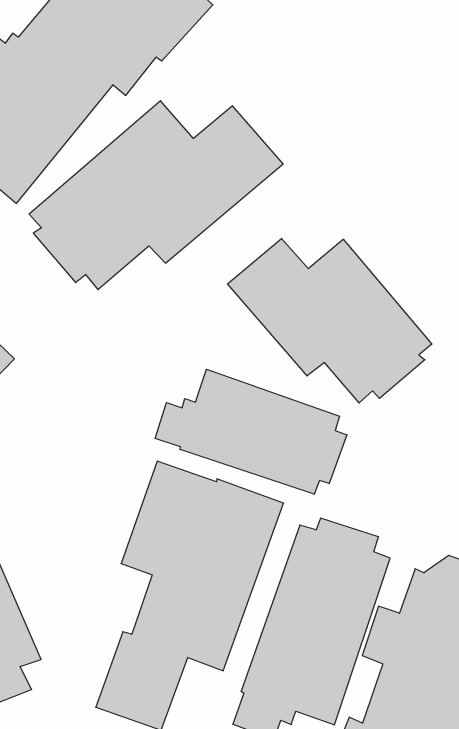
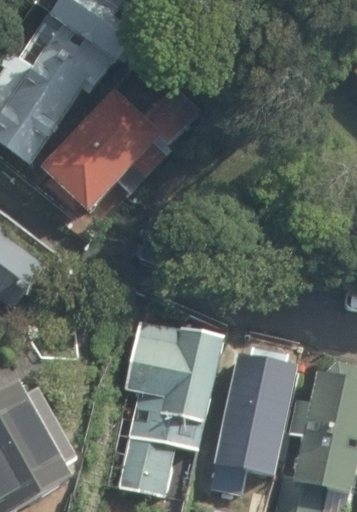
building: [228,238,432,403] -> none
building: [155,369,347,494] -> none

